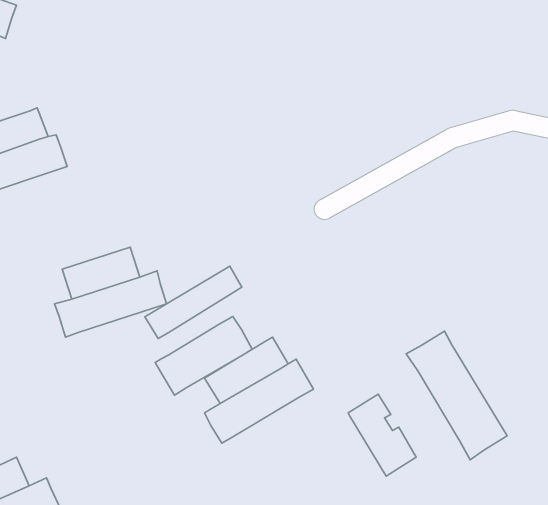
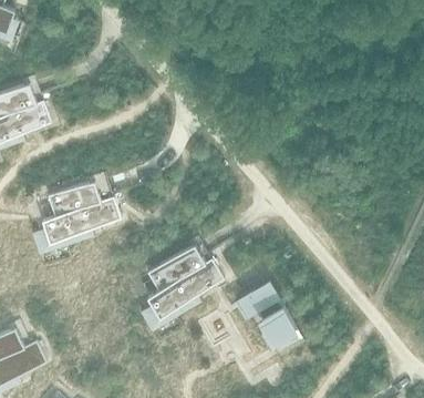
building: [145,266,242,339] -> none
building: [155,317,252,395] -> none
building: [406,331,507,460] -> none

